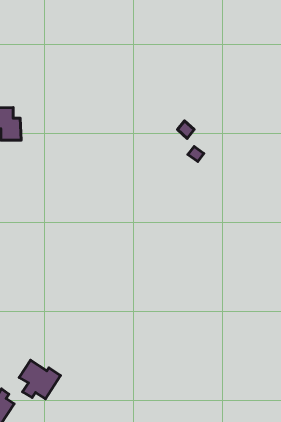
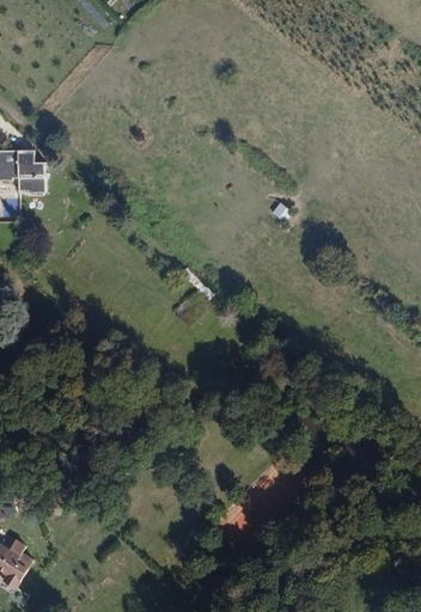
building: [19,360,61,399] -> none

